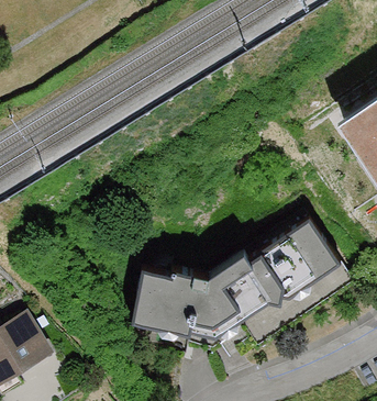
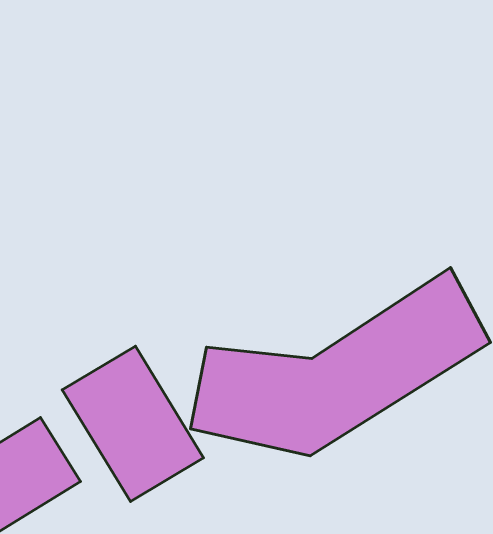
building: none -> [62,346,203,501]

